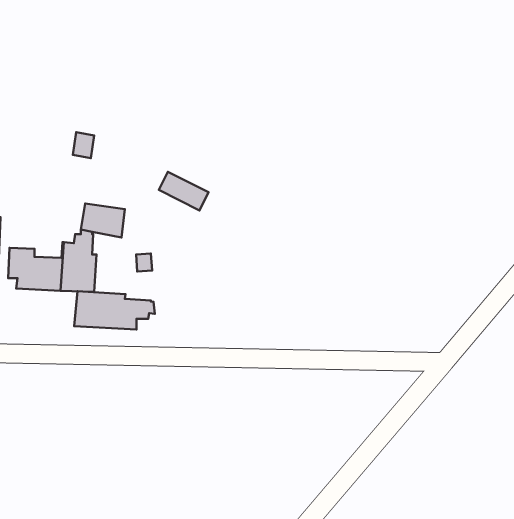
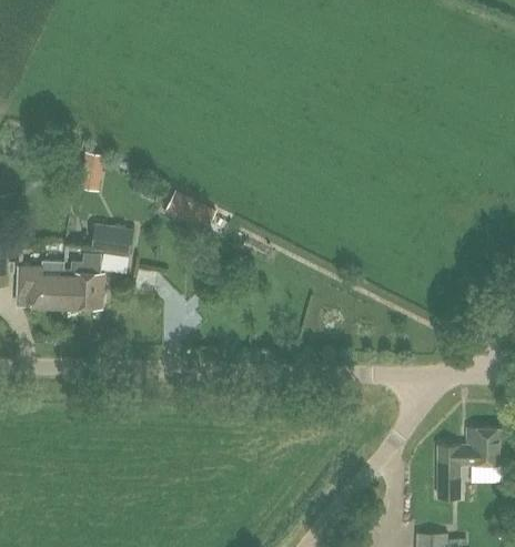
building: [74,291,155,329] -> none
building: none -> [436,429,506,499]

